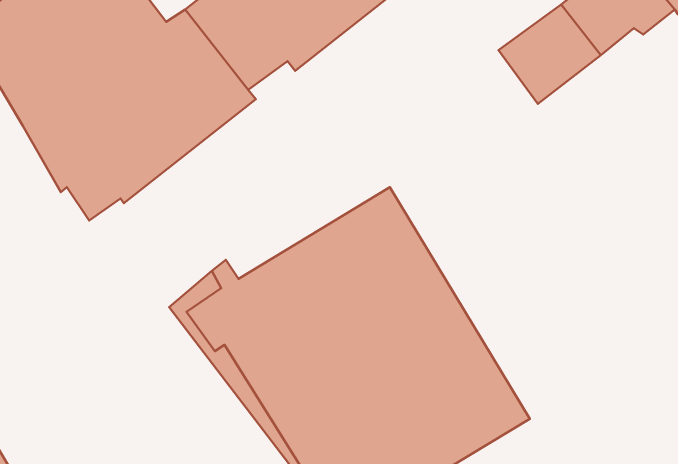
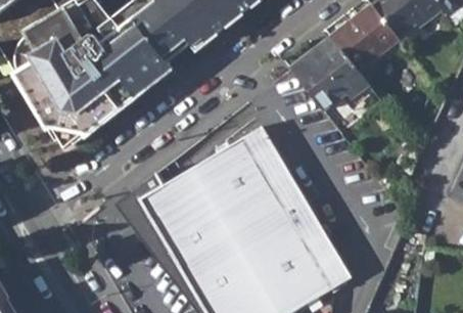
building: none -> [290,36,369,109]

